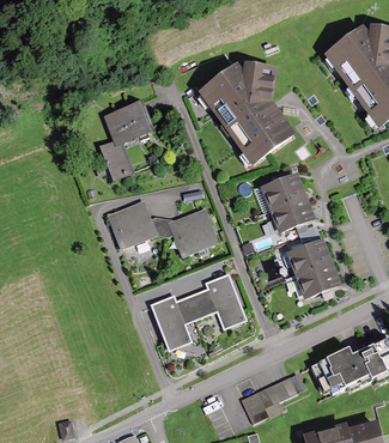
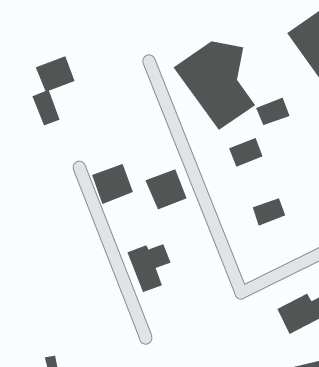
building: [101,102,150,181] -> [32,55,76,126]
building: [271,194,310,226] -> [255,97,291,126]
building: [296,260,335,292] -> none
building: [190,271,243,324] -> none
building: [239,372,298,424] -> none

